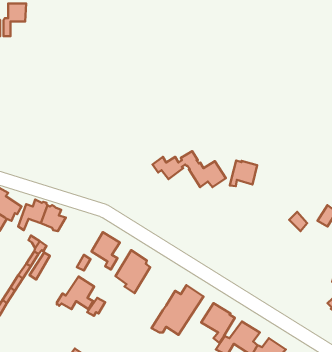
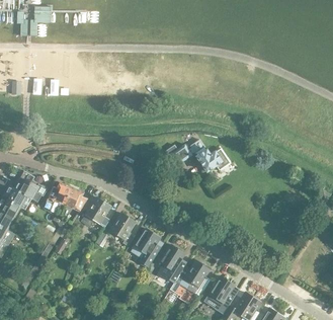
building: [230,161,257,186] -> none
building: none -> [156,243,187,281]
building: [57,276,94,309] -> [75,195,108,225]

